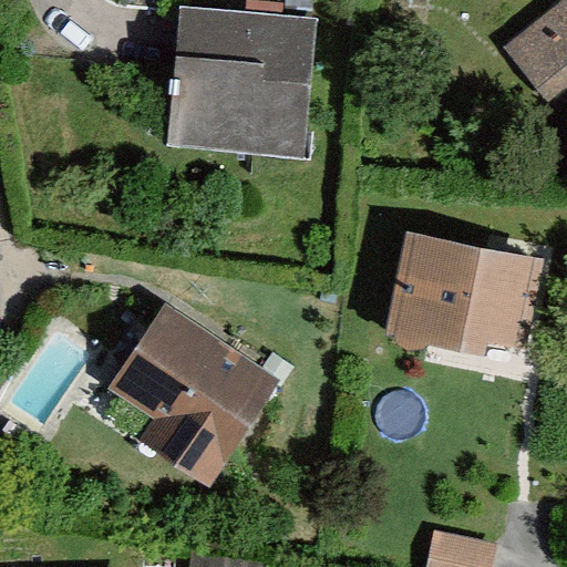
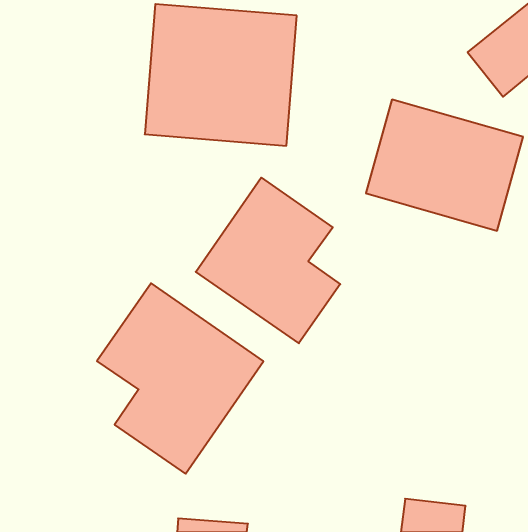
building: none -> [196,178,340,343]
building: [369,226,536,365] -> [366,100,523,231]

